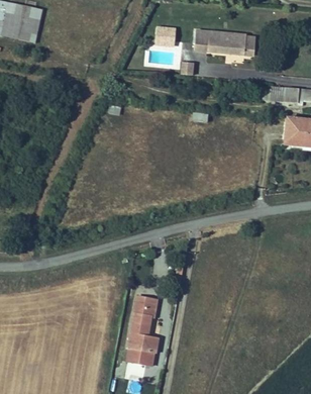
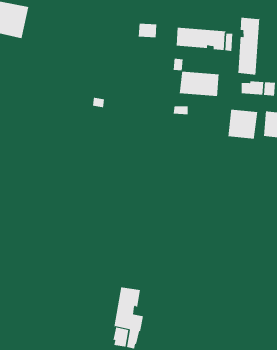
building: none -> [238,17,260,75]
building: none -> [179,71,219,97]
building: none -> [228,109,258,139]

